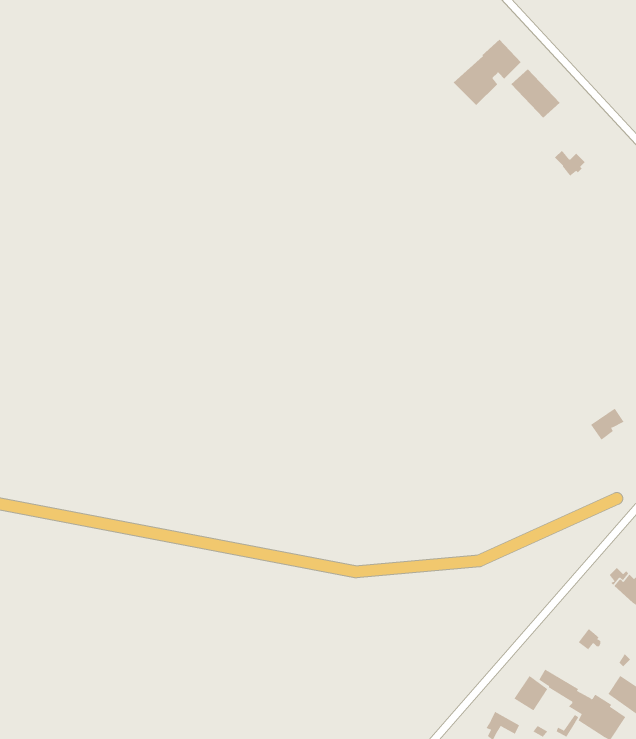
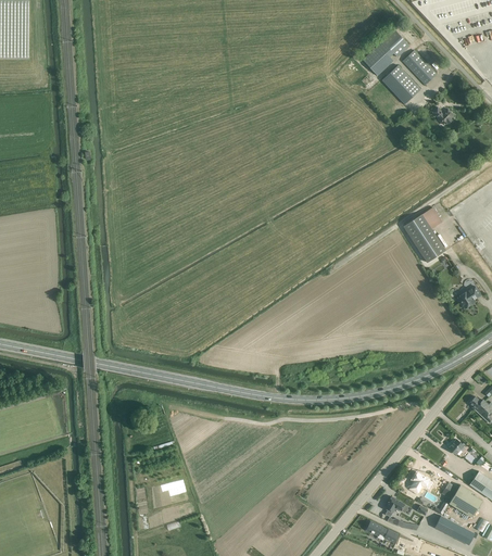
building: none -> [381,65,420,104]
building: none -> [403,206,446,263]

